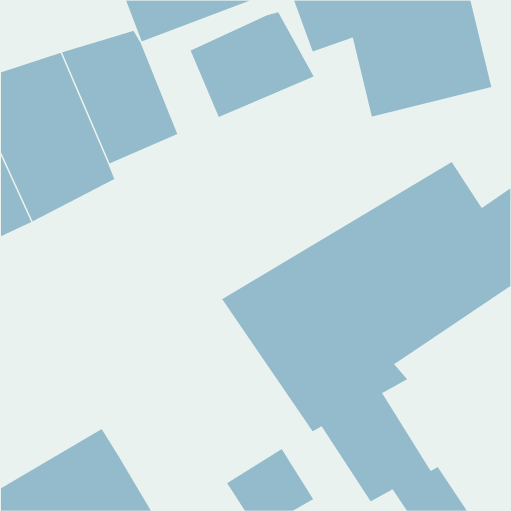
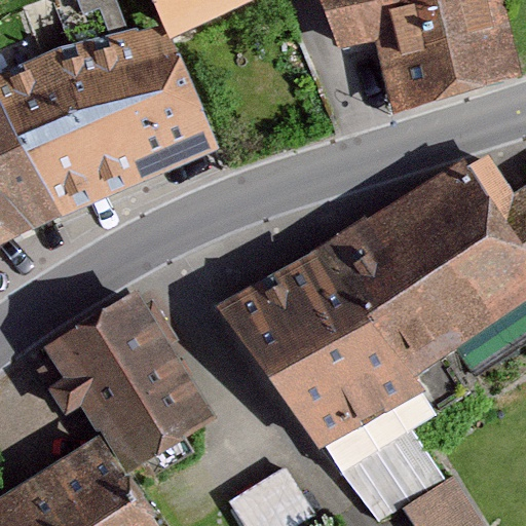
building: [190,11,314,118] -> none
building: none -> [51,297,211,469]

